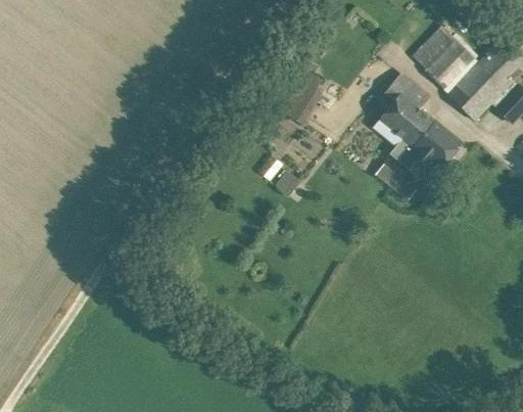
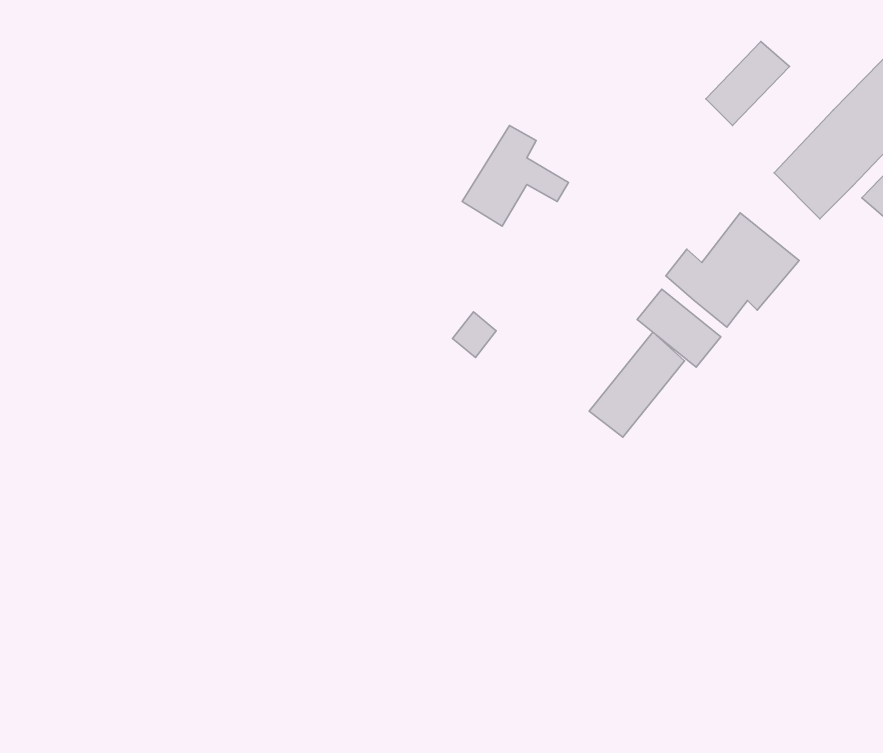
building: [423,39,475,92] -> none
building: [378,75,429,144] -> none
building: none -> [589,332,684,437]

